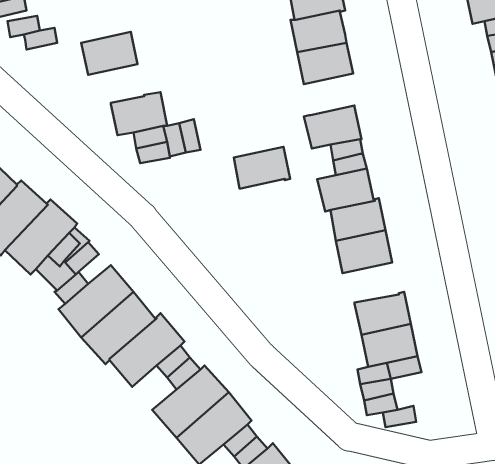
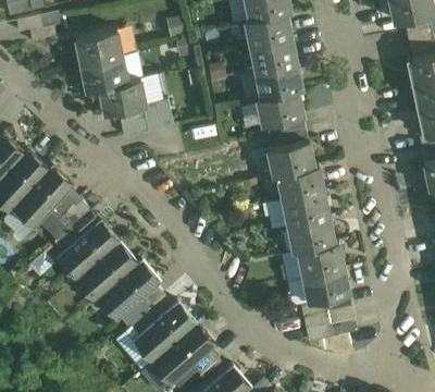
building: none -> [82,57,127,93]
building: [234,147,290,188] -> [257,64,302,98]
building: none -> [288,218,334,253]

